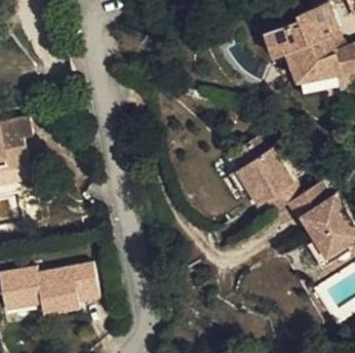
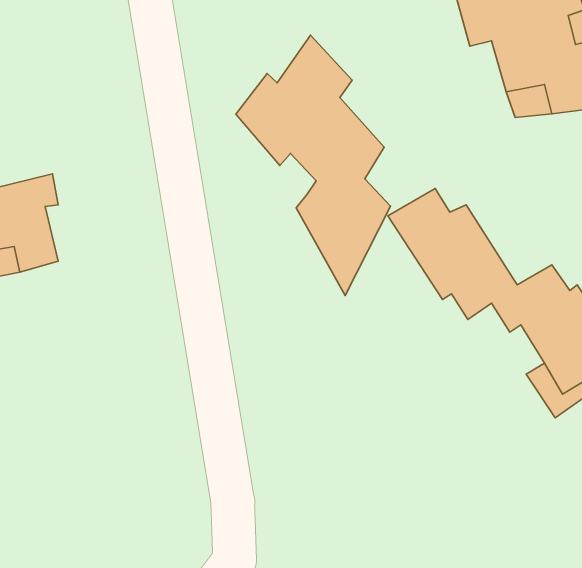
building: none -> [236,35,391,296]
building: [11,262,111,313] -> none

